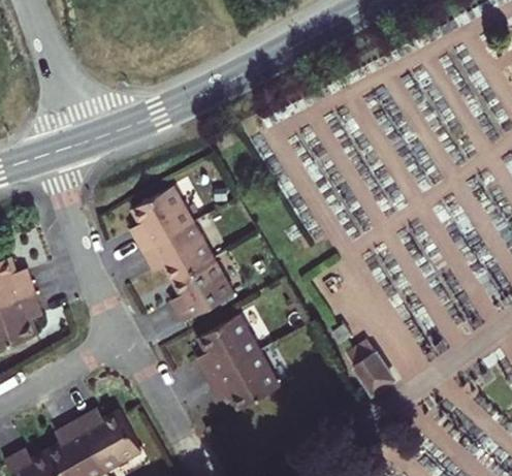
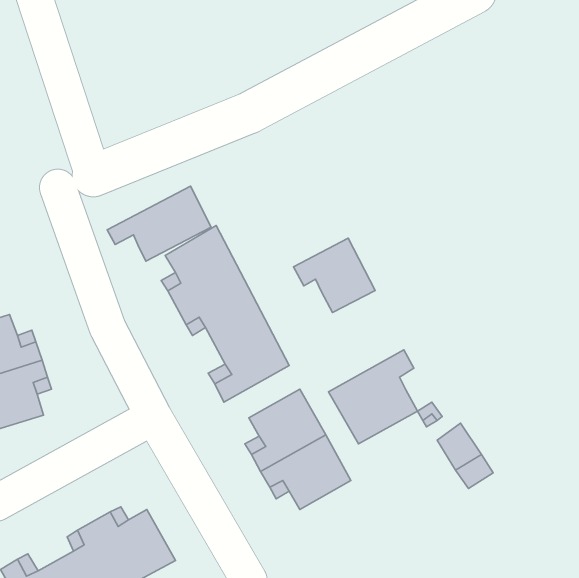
building: none -> [107,186,211,261]
building: none -> [294,238,375,313]
building: none -> [329,350,417,444]

